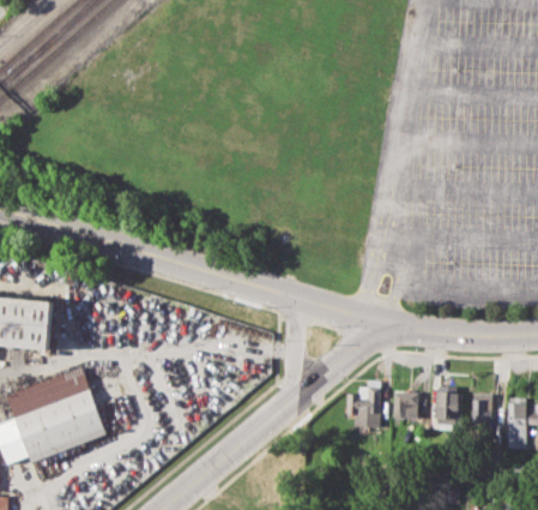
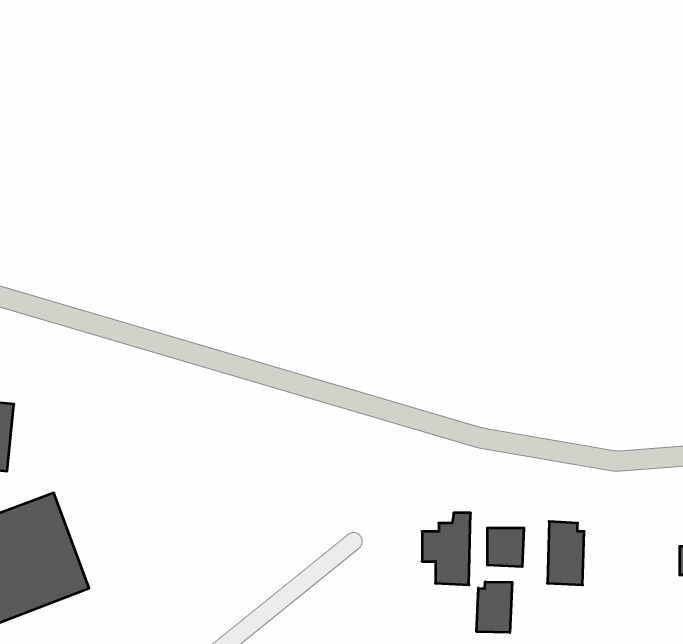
building: [471,394,492,437] -> none
building: [507,398,526,450] -> none
building: none -> [477,582,512,633]

